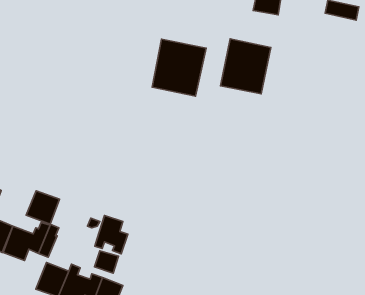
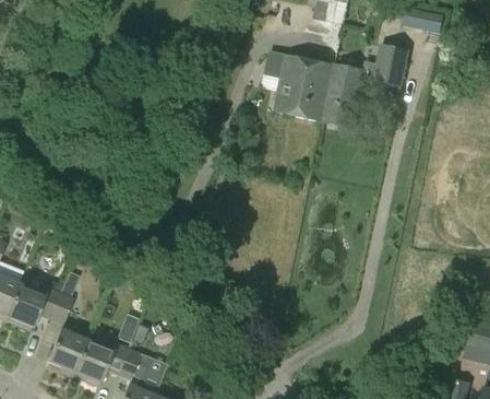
building: none -> [323,45,408,127]
building: [152,39,206,96] -> none
building: [26,191,59,224] -> none
building: [95,216,128,254] -> none

